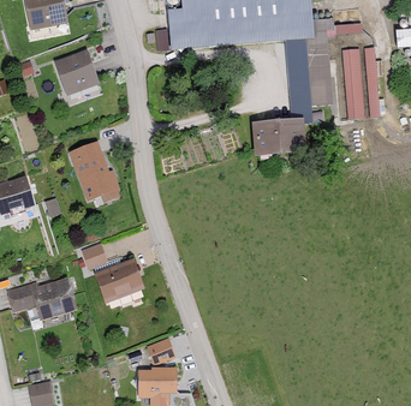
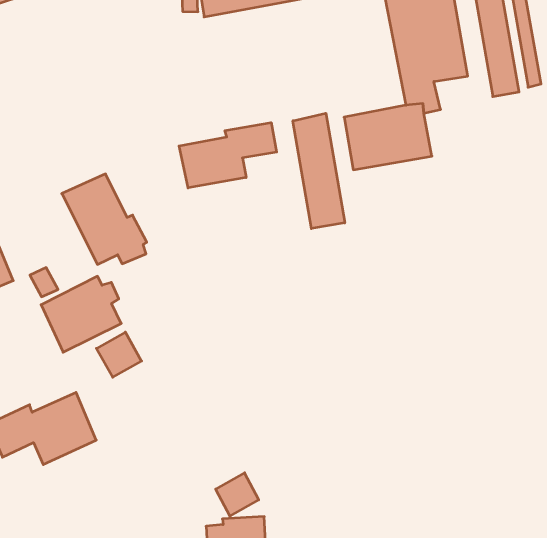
building: [54,49,99,95] -> none
building: none -> [293,113,345,229]
building: none -> [179,123,277,188]
building: [95,258,144,304] -> [41,276,121,352]

